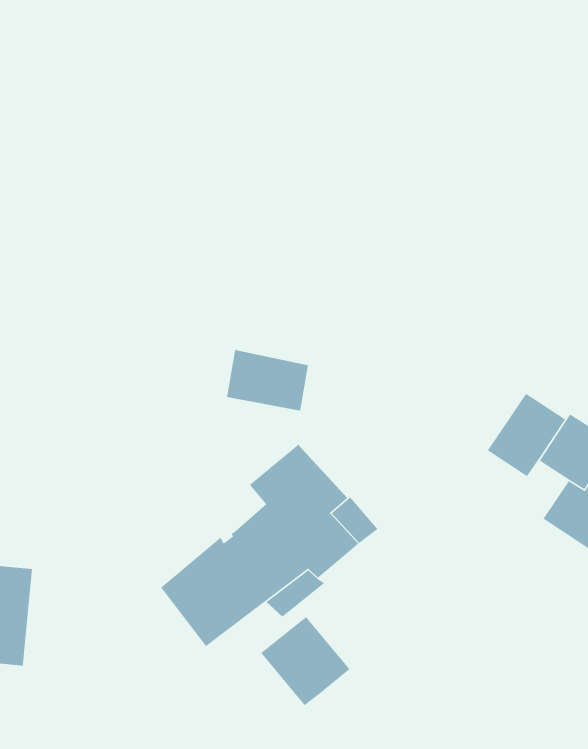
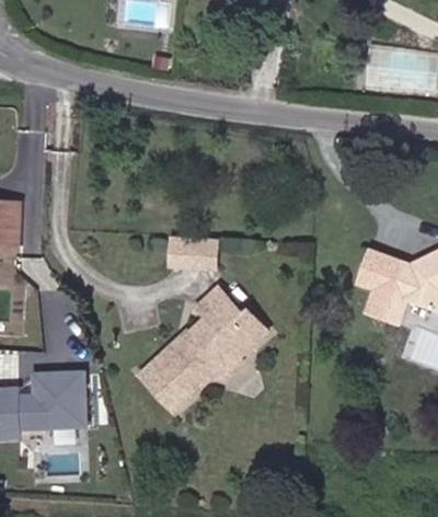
building: [487,393,566,477] -> none
building: [260,616,350,706] -> none

